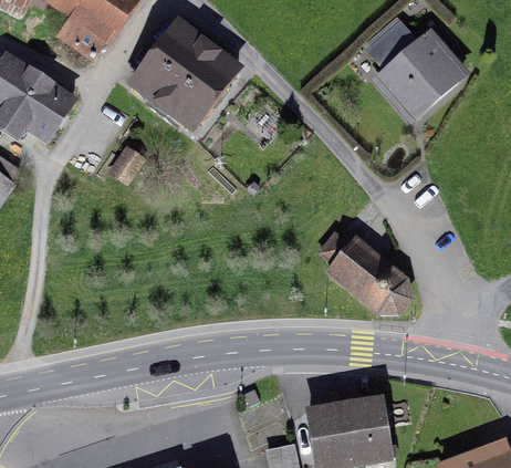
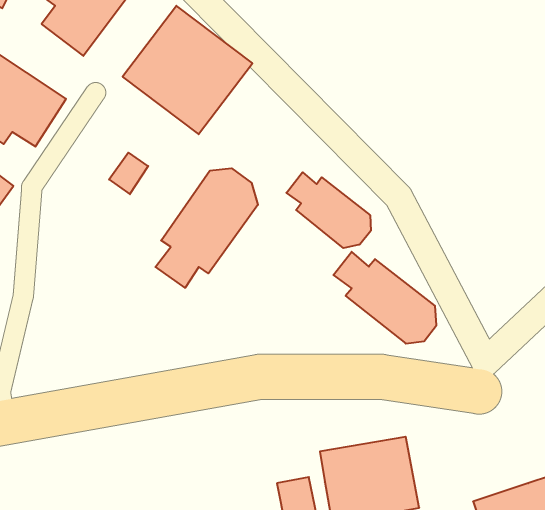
building: [368,17,473,121] -> none
building: none -> [155,168,258,288]
building: none -> [286,172,371,248]

